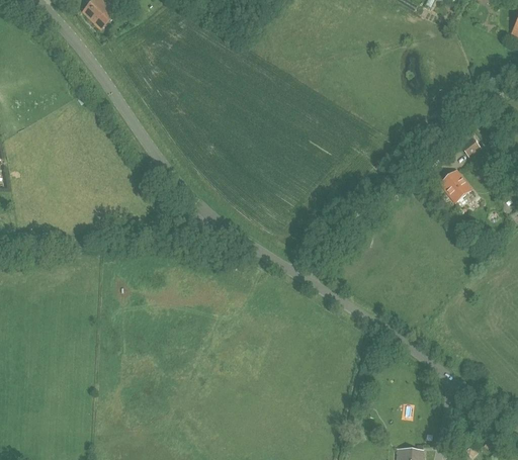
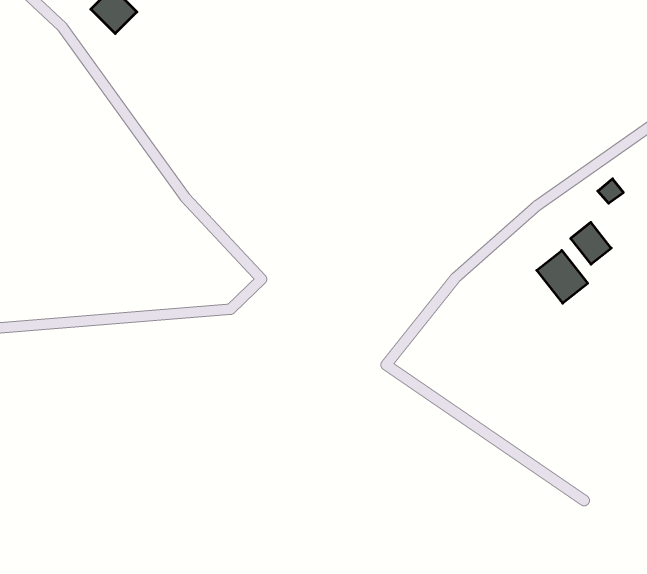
building: none -> [537,250,588,303]

